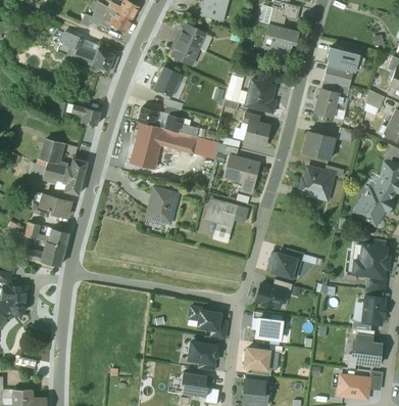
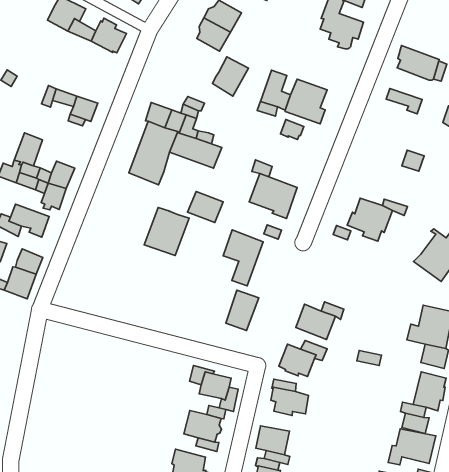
building: [323,64,353,87] -> none
building: [155,66,182,96] -> [212,57,248,96]
building: [315,89,339,118] -> none
building: [245,123,269,145] -> none
building: [303,131,336,160] -> none
building: [194,137,220,160] -> [188,192,223,223]
building: none -> [226,290,259,330]

